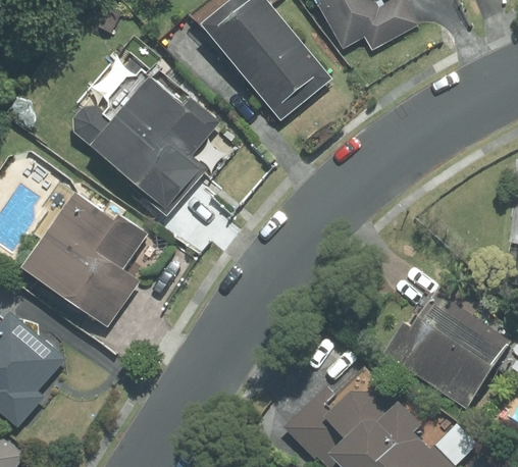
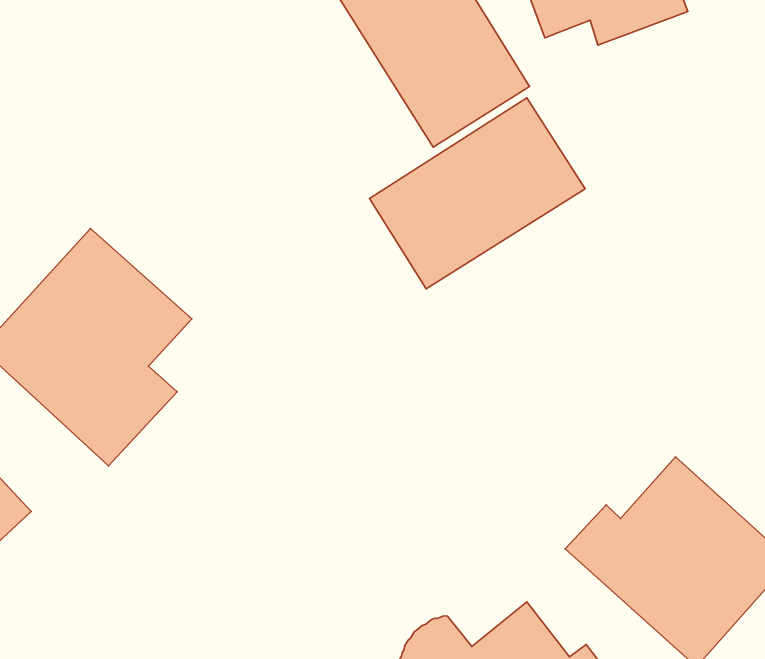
building: [68,76,219,213] -> none
building: none -> [370,98,585,289]

